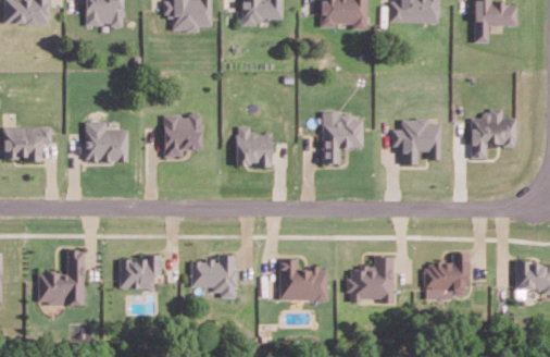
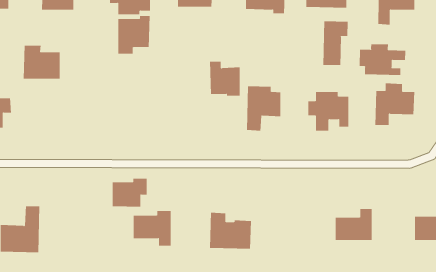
building: none -> [323,21,348,66]
building: none -> [359,43,406,76]
building: [163,112,201,157] -> [117,16,151,54]
building: [84,122,127,161] -> [23,45,61,79]
building: [235,126,271,167] -> [209,61,240,96]
building: [118,255,160,288] -> [112,178,148,207]
building: [347,256,392,304] -> none

